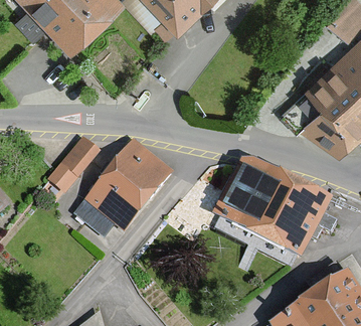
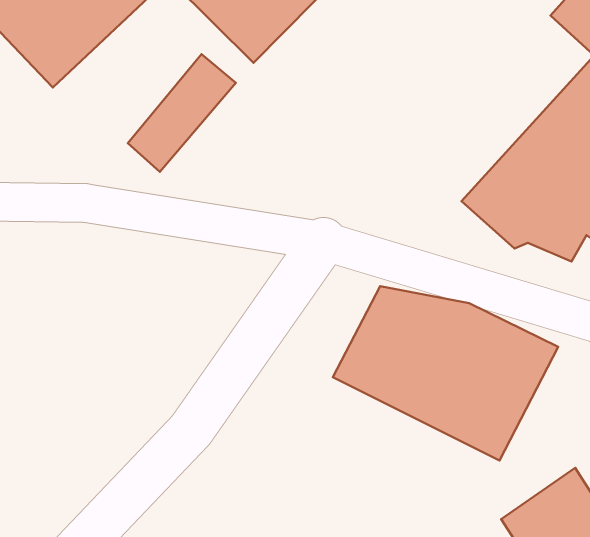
building: [43,136,101,198] -> [128,54,236,172]
building: [75,140,174,236] -> none

